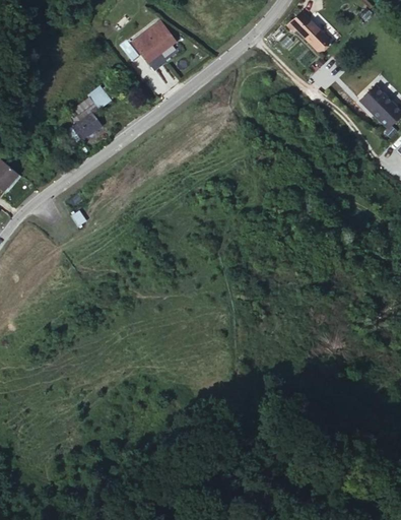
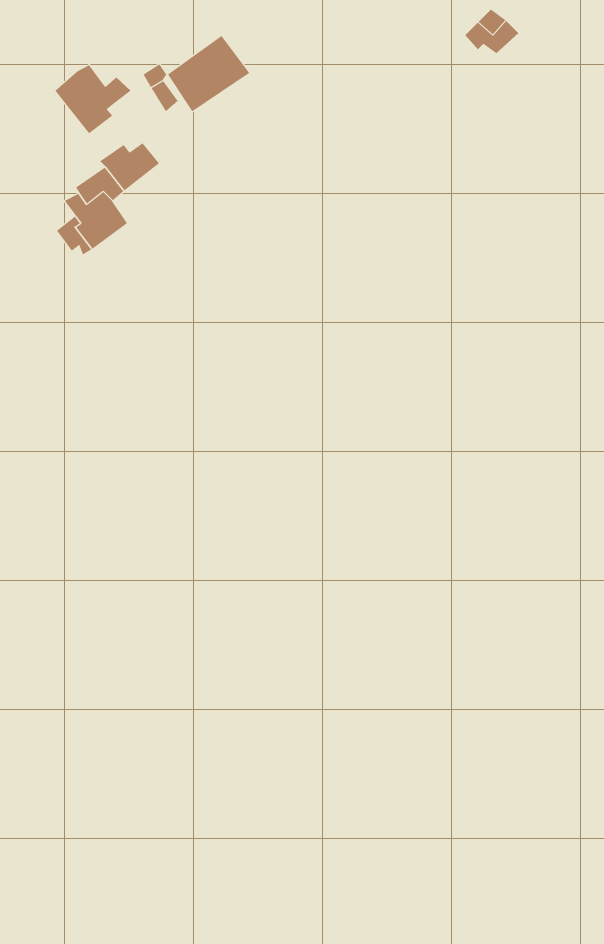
building: [304,25,331,52] -> none
building: none -> [55,64,132,134]

